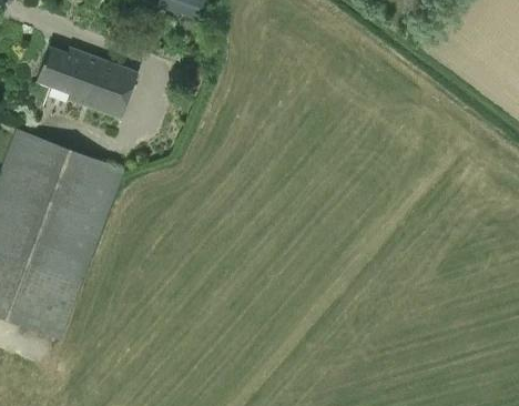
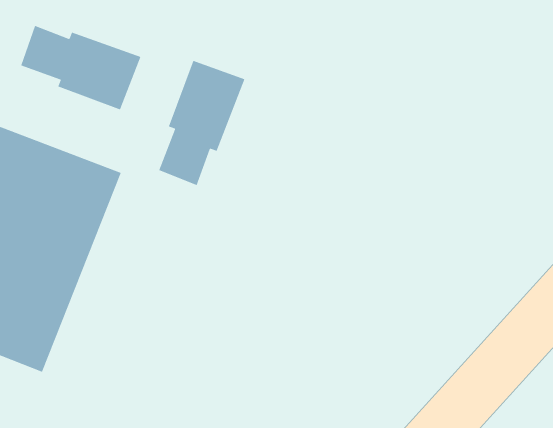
building: none -> [158,60,246,186]

